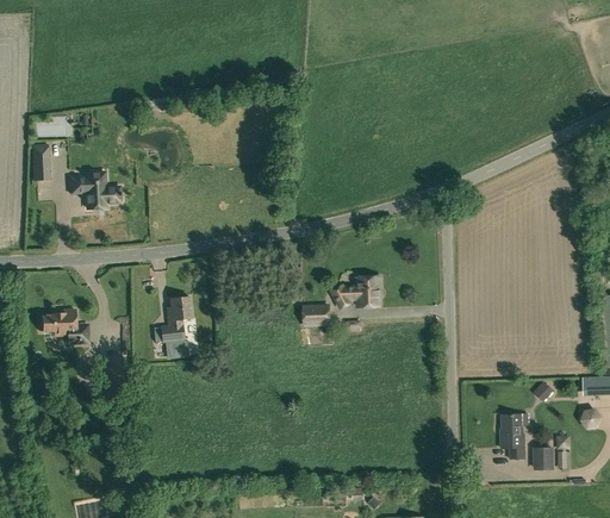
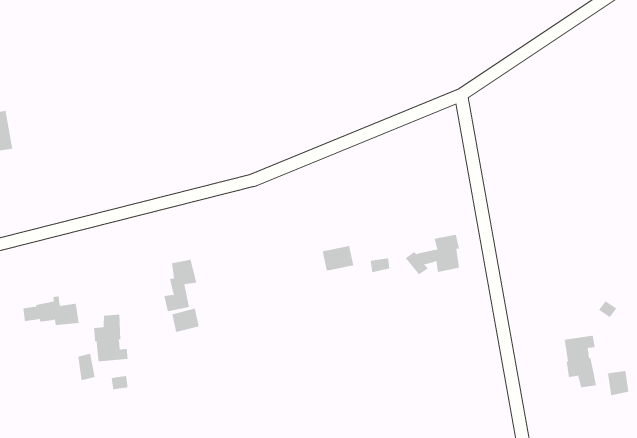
building: [68,173,122,207] -> none
building: [331,274,380,305] -> [405,234,460,275]
building: none -> [94,314,128,362]

